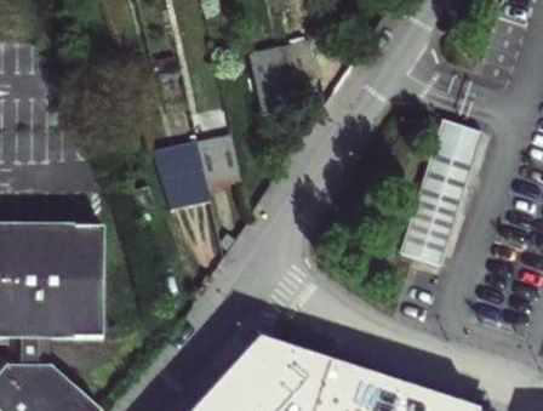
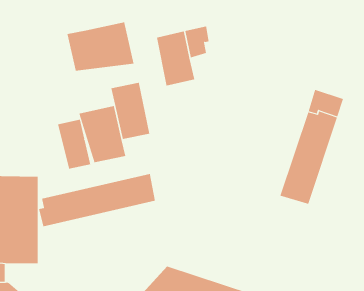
building: none -> [67,22,134,71]
building: none -> [58,119,91,169]
building: none -> [39,173,155,227]

